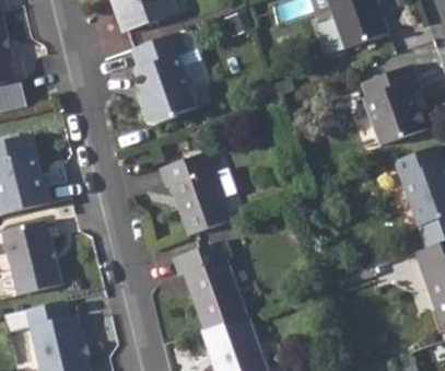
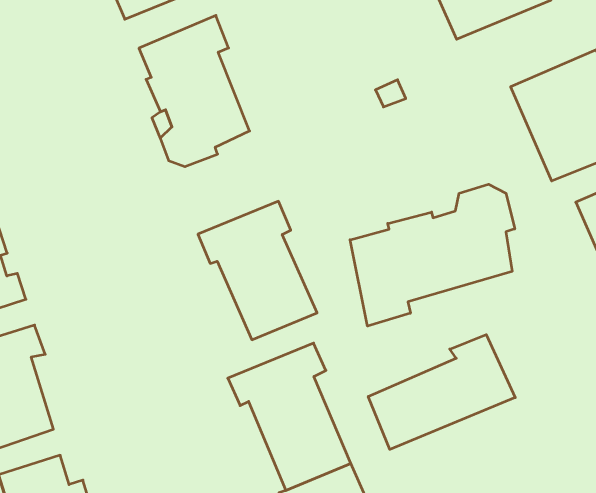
building: none -> [350,184,515,326]
building: none -> [368,335,515,449]

